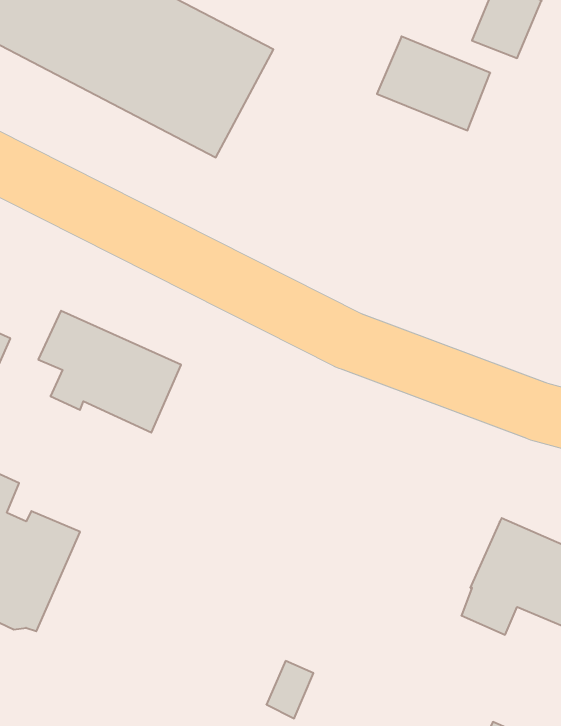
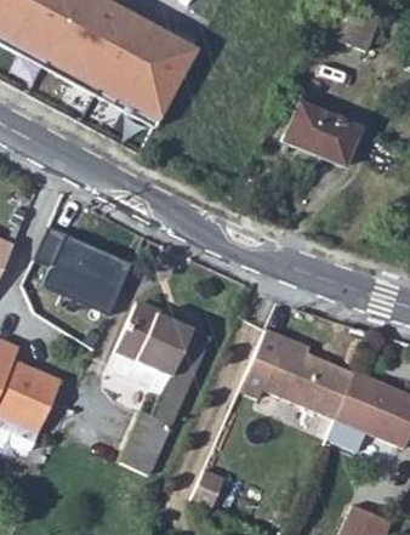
building: [377,36,490,130] -> [283,101,361,166]
building: none -> [113,303,211,474]
building: none -> [240,329,355,419]

